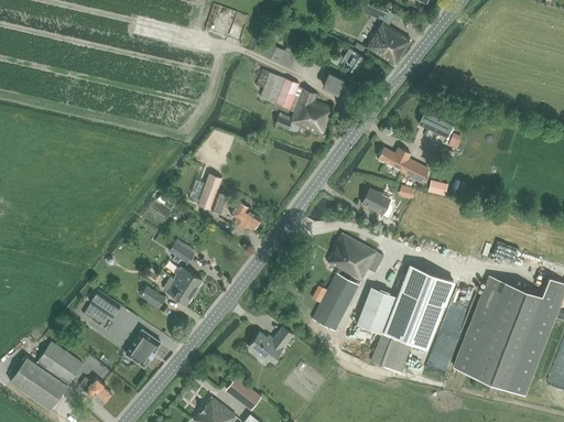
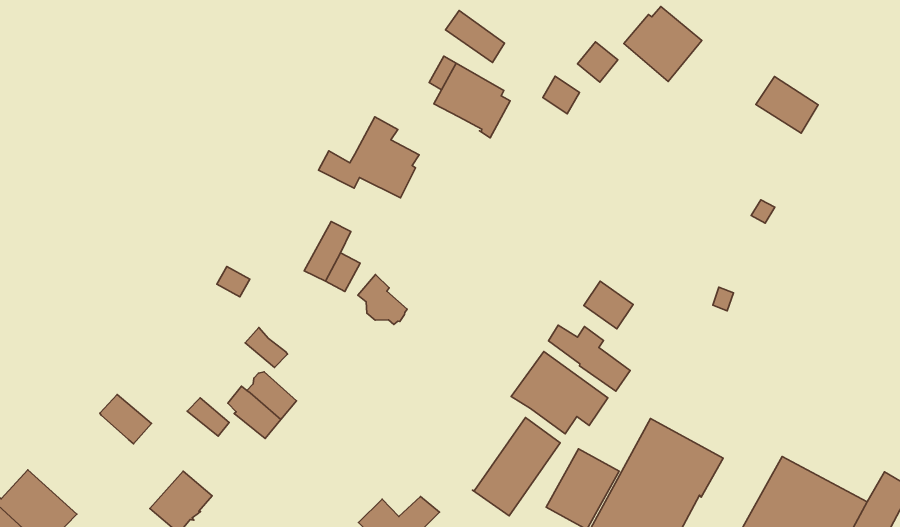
building: [275,90,333,136] -> [319,117,419,198]
building: [417,107,454,138] -> [756,77,818,133]
building: [379,148,429,183] -> [549,325,630,391]

